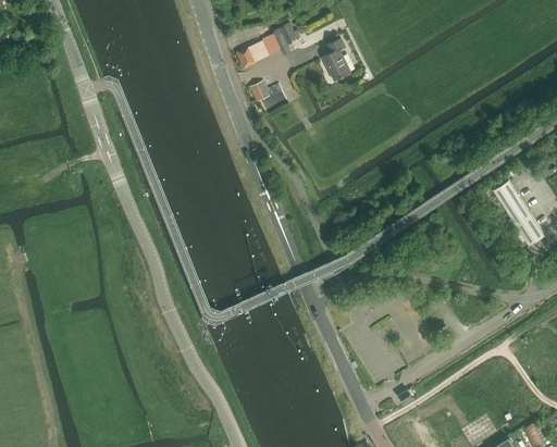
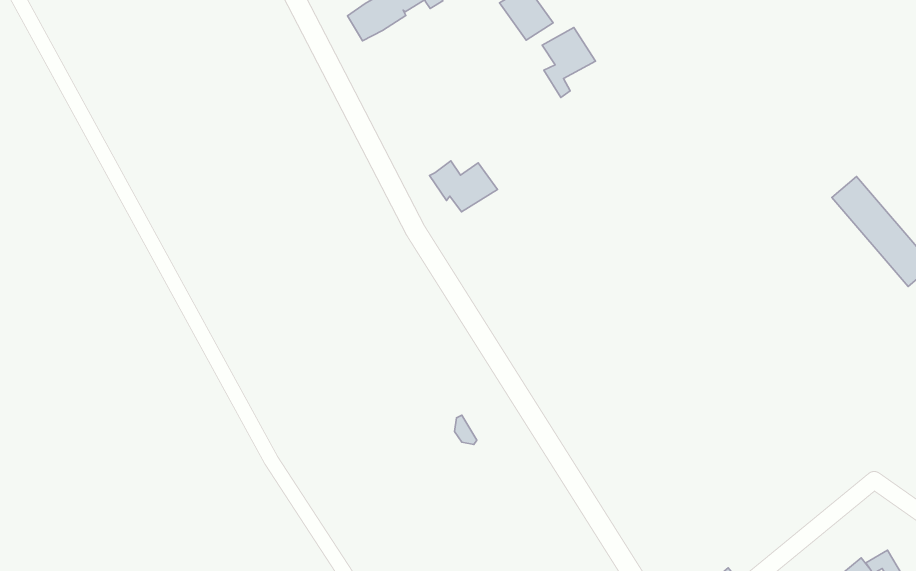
building: none -> [542,28,595,97]
building: [249,80,286,110] -> [429,161,498,212]

